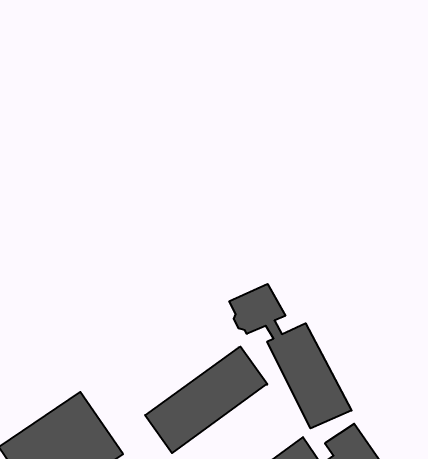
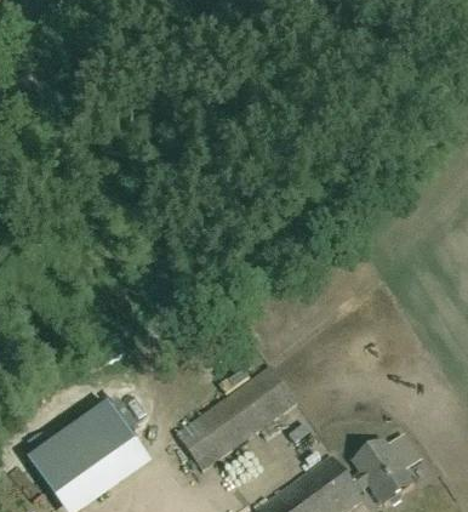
building: [229,284,352,428] -> none

